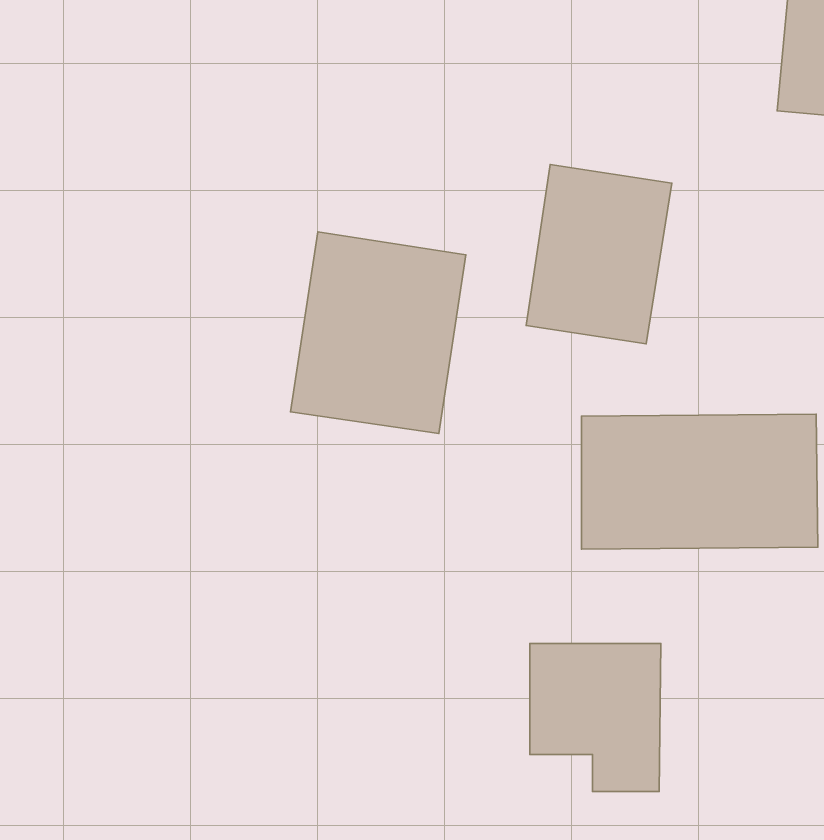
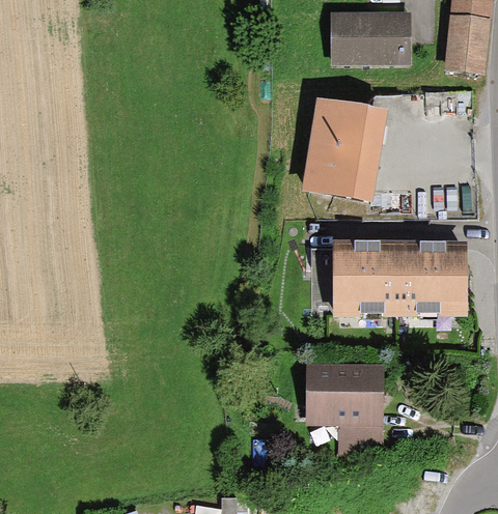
building: none -> [329,11,412,67]
building: [290,232,466,434] -> none

